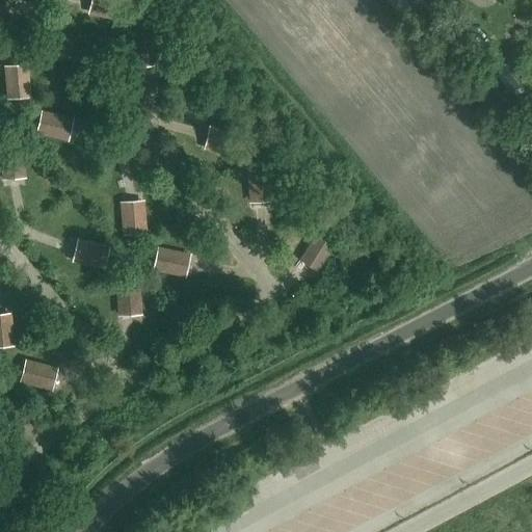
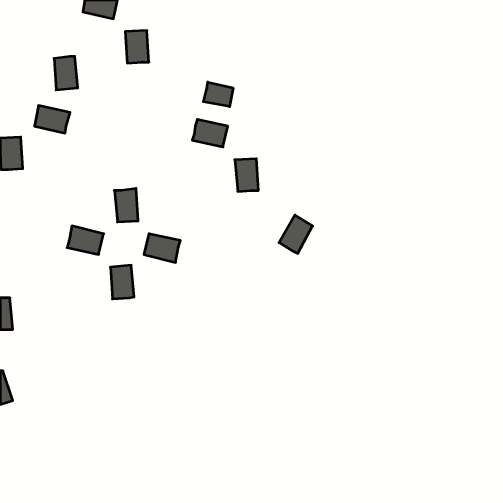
building: [5,64,30,100] -> [54,56,78,90]
building: none -> [203,82,233,107]
building: [21,361,58,391] -> none

